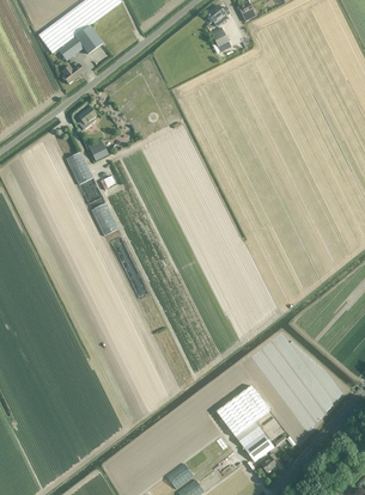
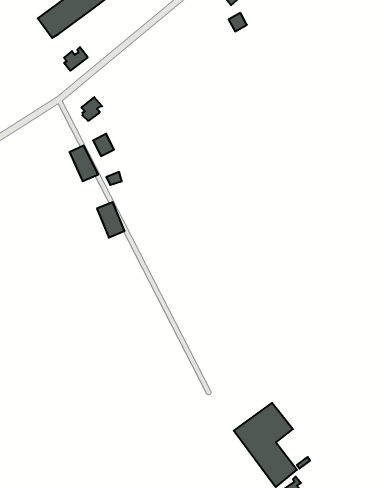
building: [56,25,102,61] -> none

